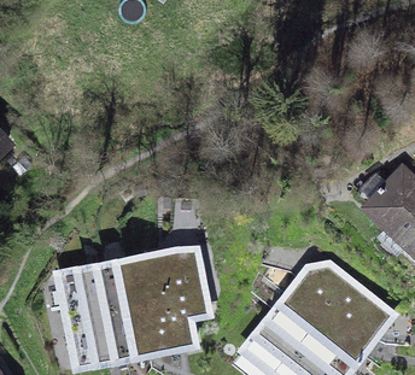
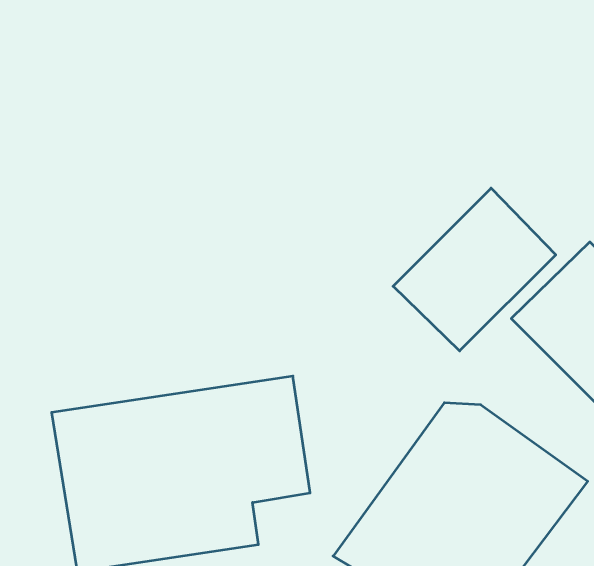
building: none -> [393,188,556,351]

